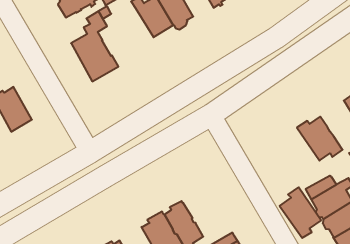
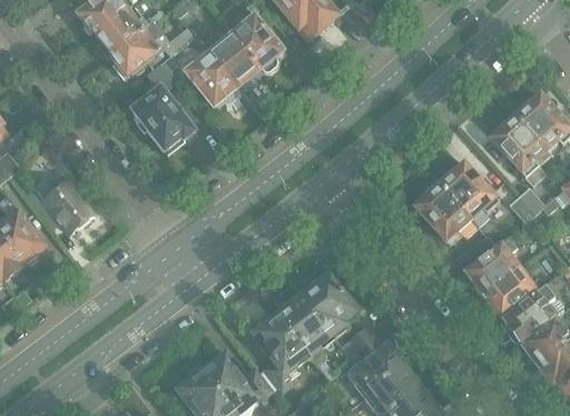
building: none -> [185,53,238,109]
building: [280,187,321,238] -> [414,180,470,245]
building: none -> [302,273,356,336]

